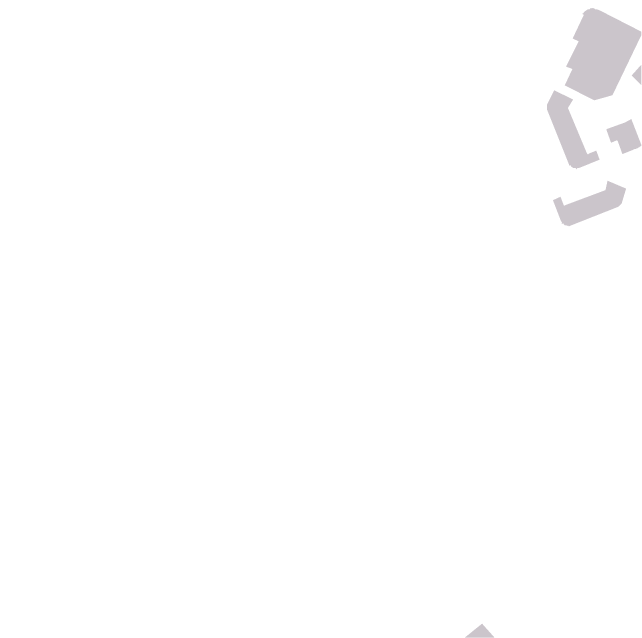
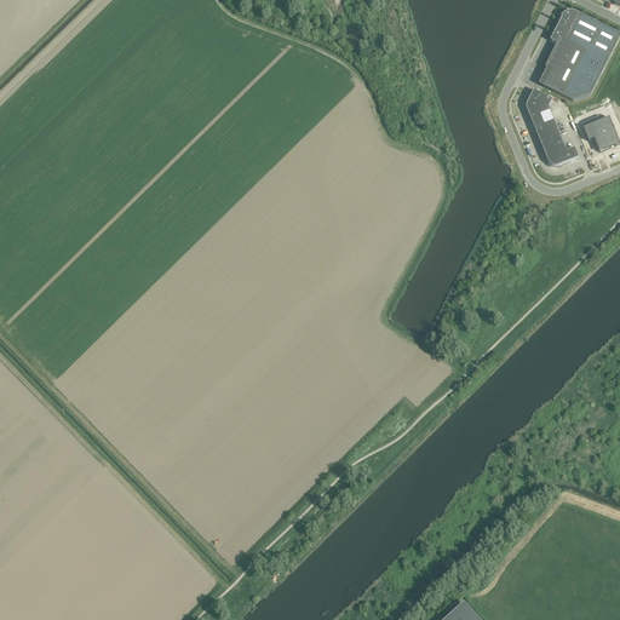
building: [552,180,627,227] -> none

